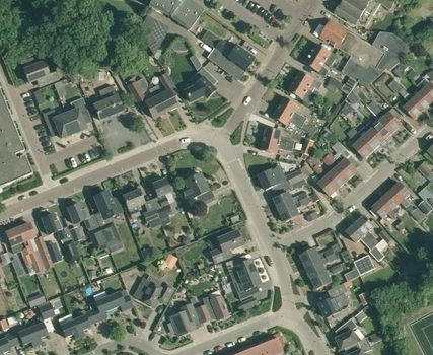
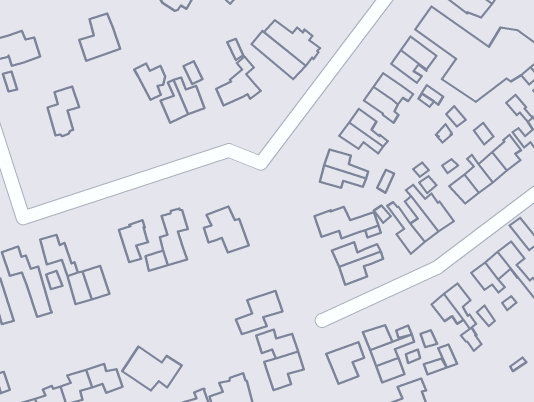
building: [93,84,123,119] -> [79,13,120,61]
building: [43,109,73,137] -> none
building: [94,190,122,218] -> none
building: none -> [326,342,364,384]

